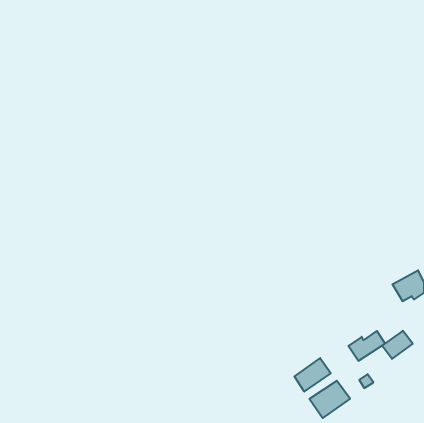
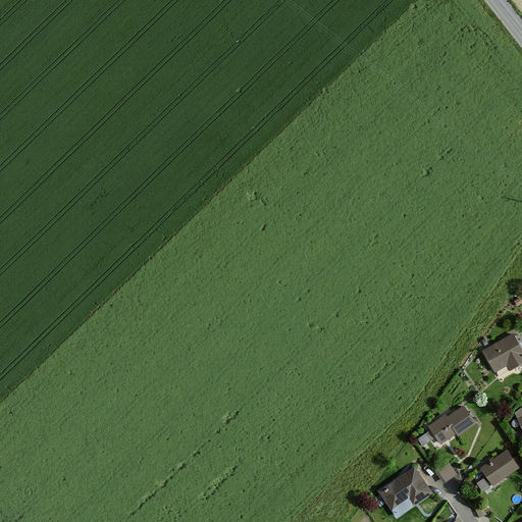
building: [382,331,413,359] -> [479,450,517,484]
building: [294,358,331,392] -> none

